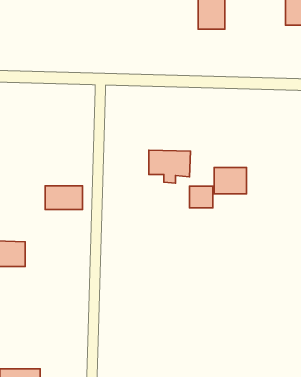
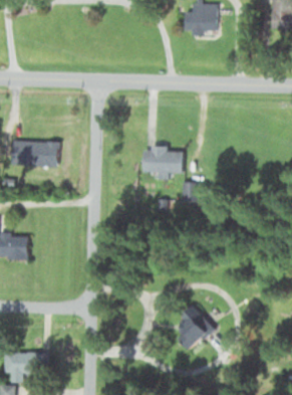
building: [214,167,246,194] -> none
building: [45,186,83,209] -> [23,142,58,164]
building: none -> [173,311,208,349]

